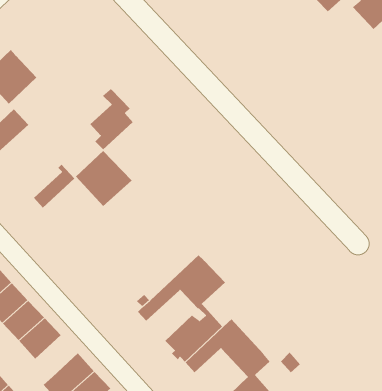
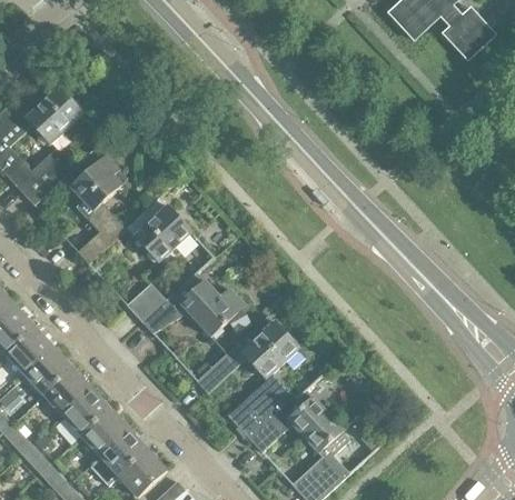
building: [90,88,133,150] -> [71,146,121,217]
building: none -> [127,271,246,336]
building: none -> [80,408,129,456]

